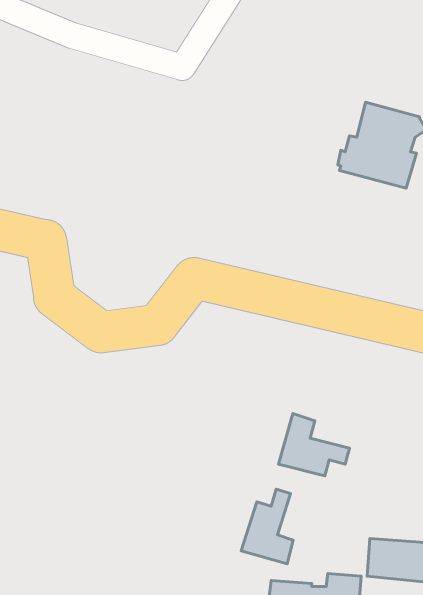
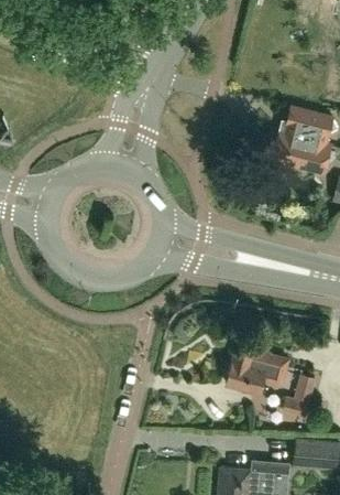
building: none -> [283,373,315,416]
building: [241,489,293,564] -> none

